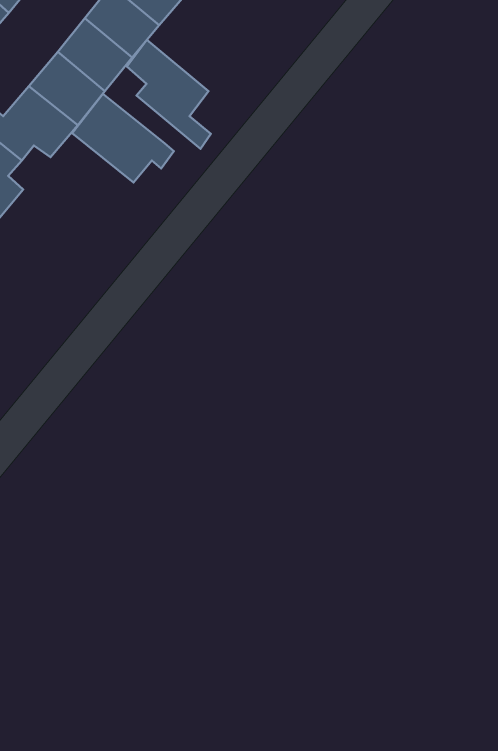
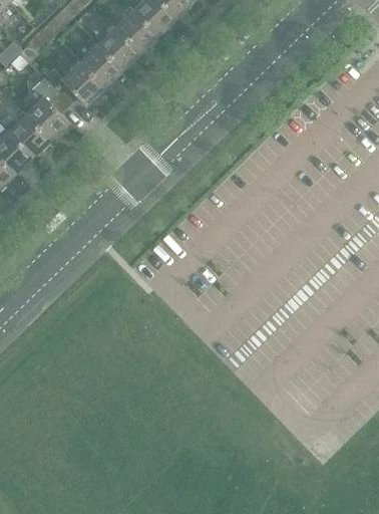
building: [127,40,211,149] -> none
building: [72,94,174,182] -> none

